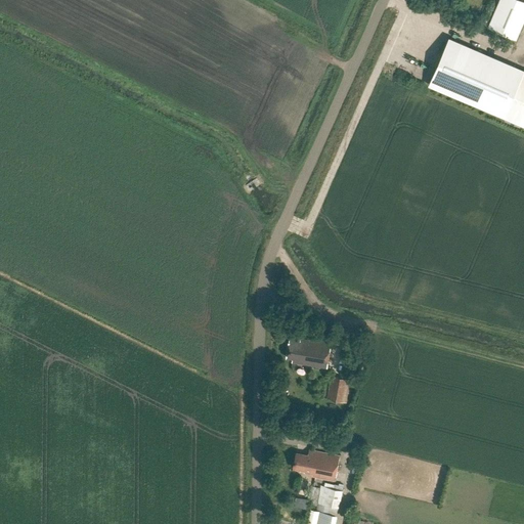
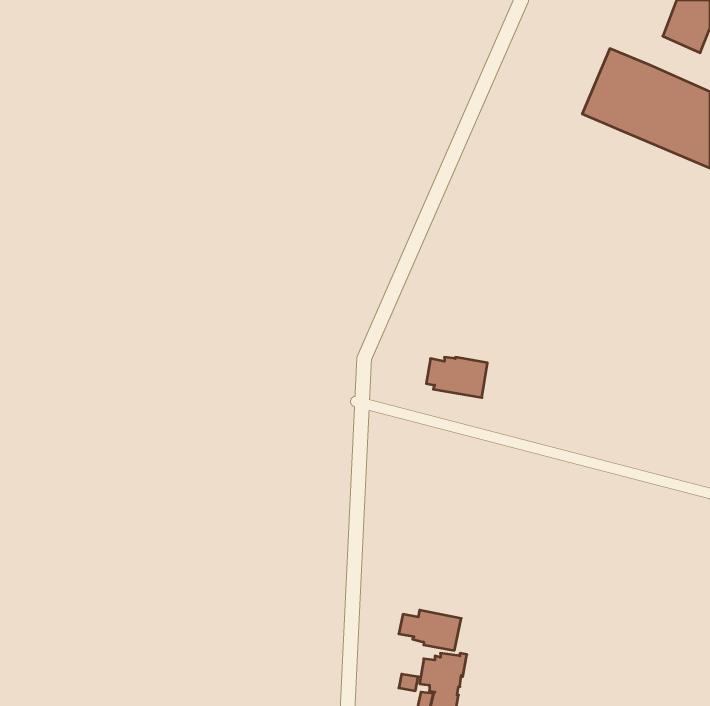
building: [287,341,332,370] -> [426,357,487,398]
building: [328,377,350,403] -> none

